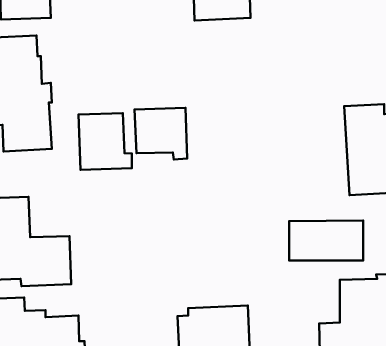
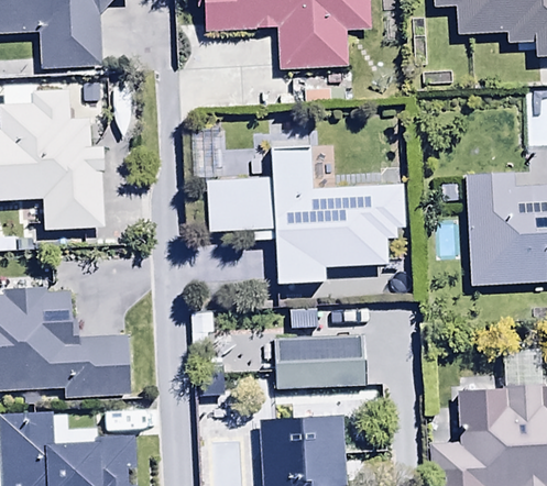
building: none -> [269,143,408,285]
building: [78,113,132,170] -> none
building: [289,220,363,261] -> [273,336,364,386]

